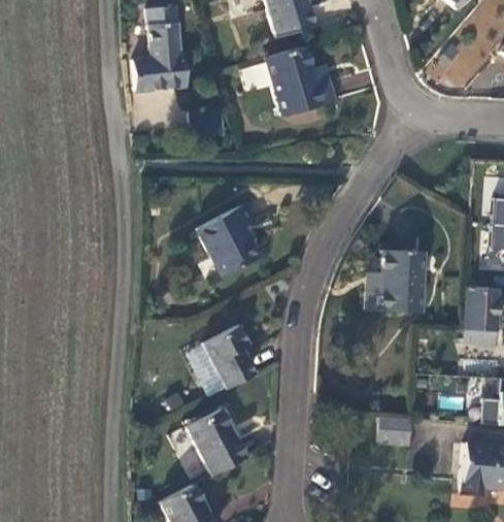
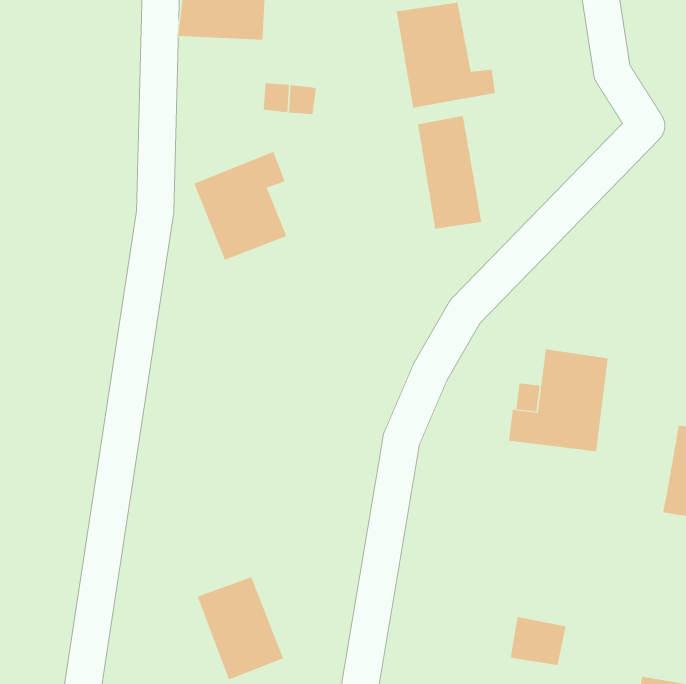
building: none -> [417,115,482,229]
building: [197,206,258,276] -> [193,151,287,260]
building: [202,327,254,389] -> none

